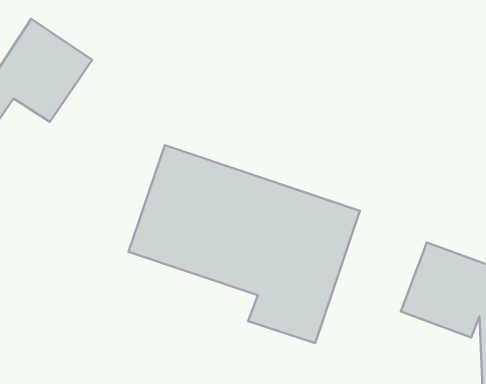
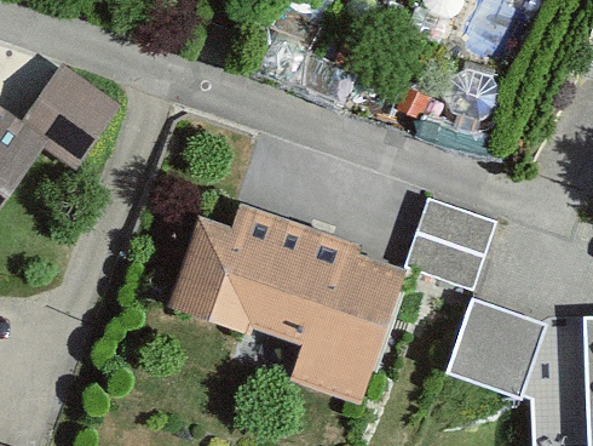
building: none -> [408,198,496,285]

